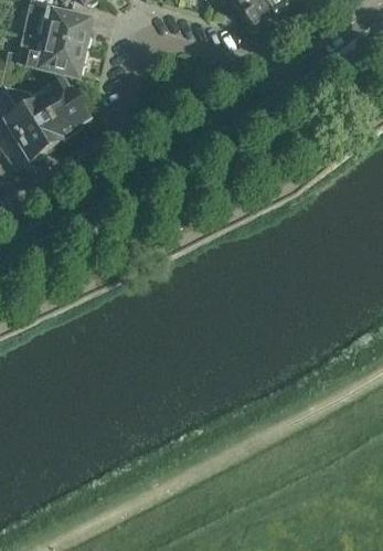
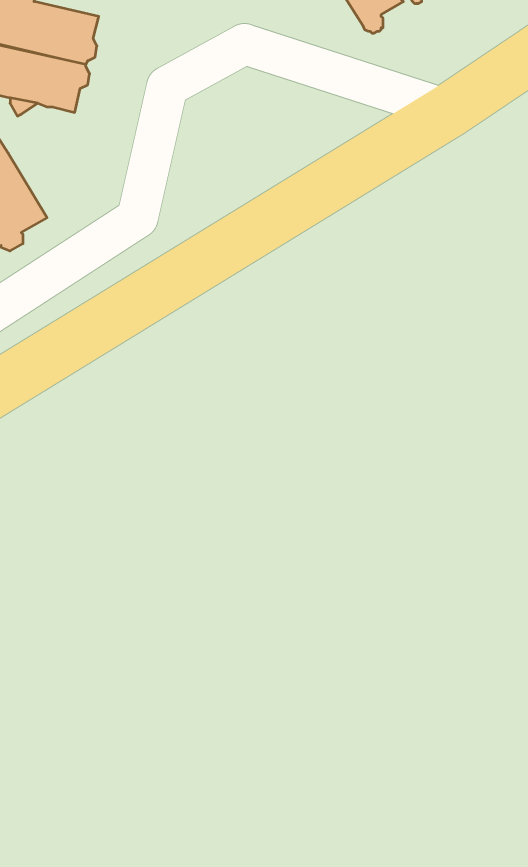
building: [38,71,87,139] -> none

